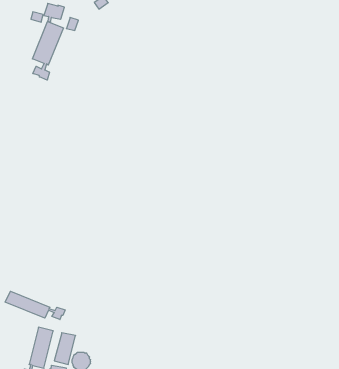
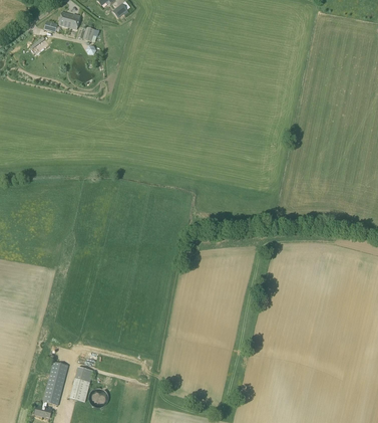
building: [32,22,63,80] -> none
building: [5,291,65,320] -> none

